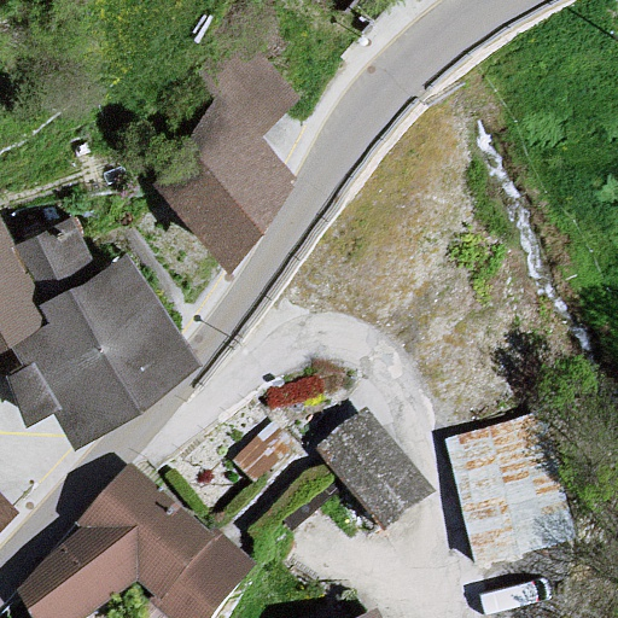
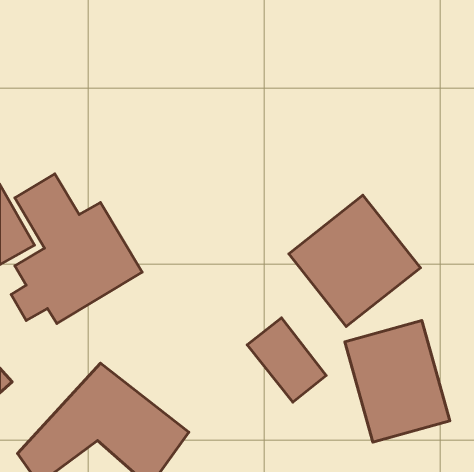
building: [141,60,305,245] -> none
building: none -> [289,195,420,326]

